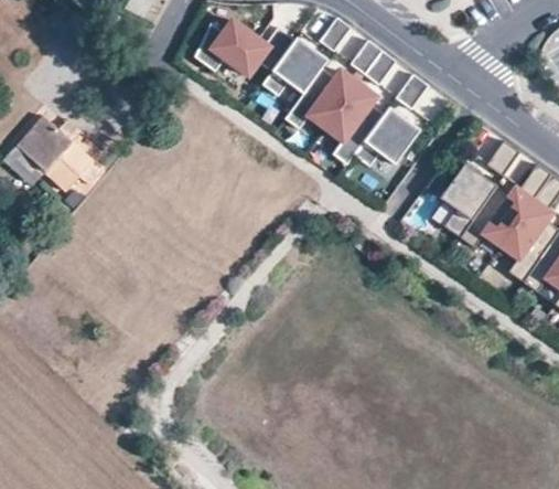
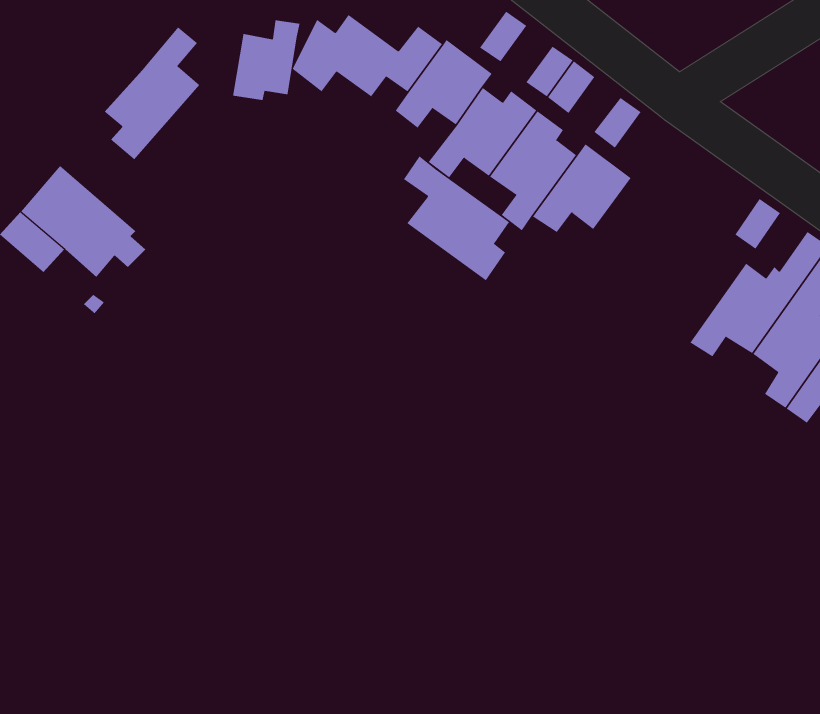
building: none -> [233,20,300,101]
building: none -> [104,27,200,160]
building: none -> [403,156,510,281]
building: [441,162,497,237] -> none

